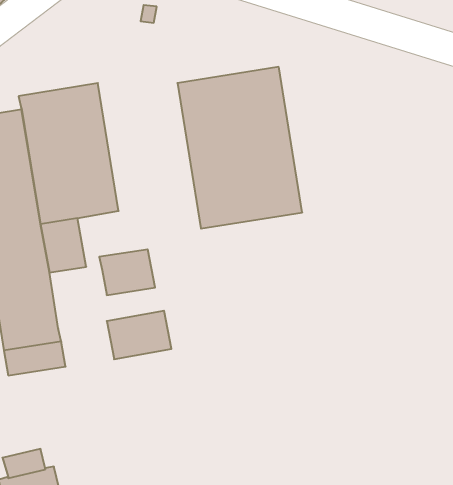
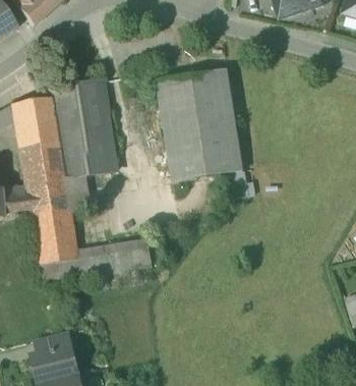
building: [99,249,155,295] -> [74,243,113,275]

